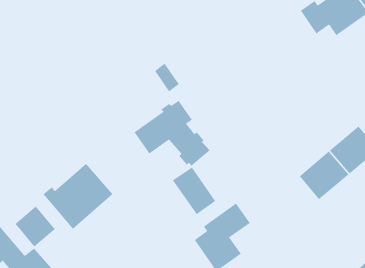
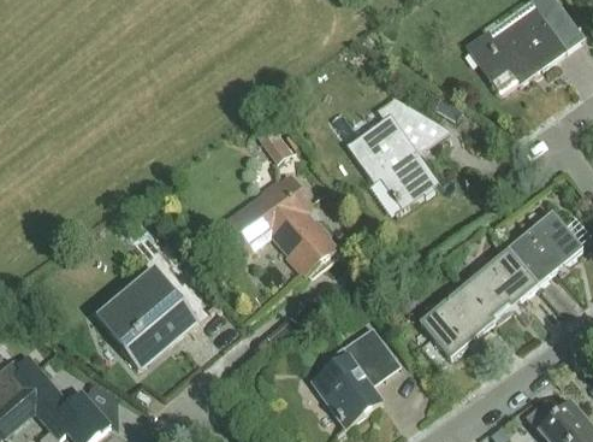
building: none -> [348,96,451,213]
building: [172,167,216,215] -> none
building: none -> [422,288,494,359]
building: [15,206,56,247] -> none

